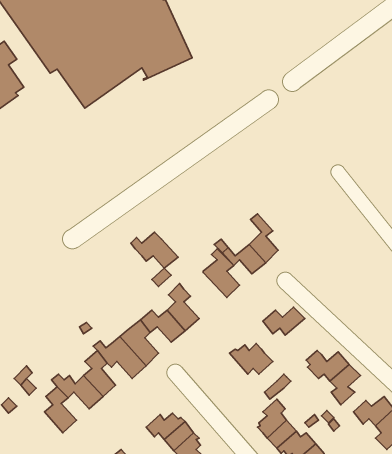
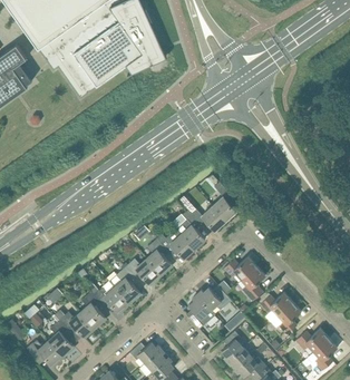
building: [131,232,178,268] -> [157,228,195,257]
building: none -> [242,265,265,301]
building: none -> [186,293,212,329]
building: none -> [28,340,64,366]

